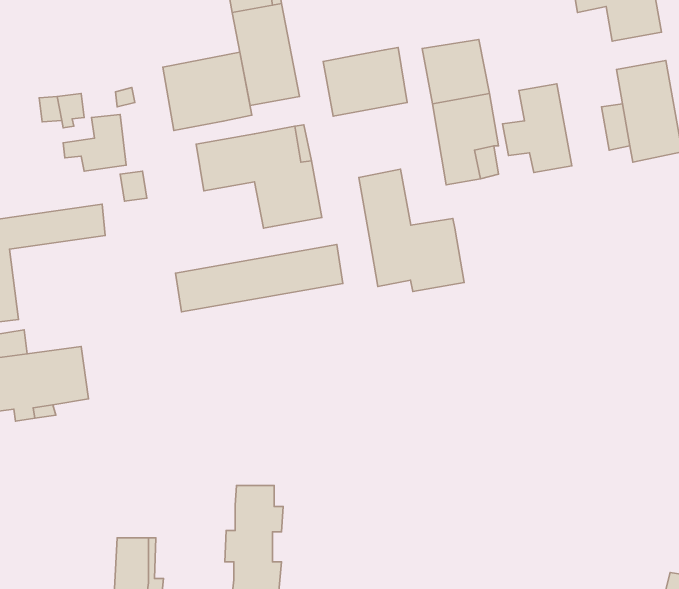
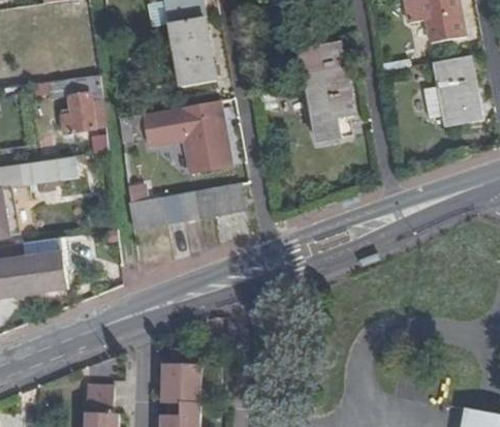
building: [323,47,407,116] -> none
building: [163,52,252,131] -> none
building: [502,84,572,172] -> none
building: [359,169,464,291] -> none

